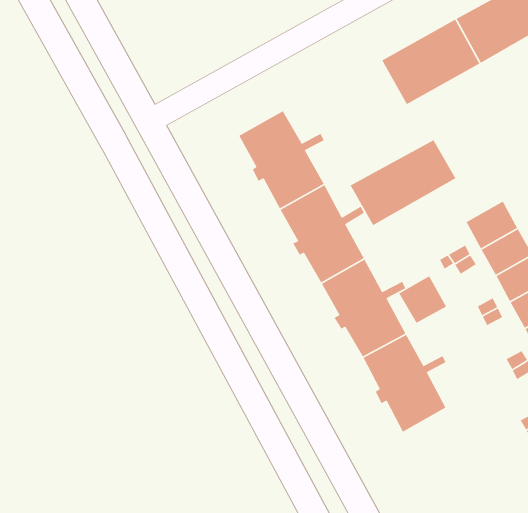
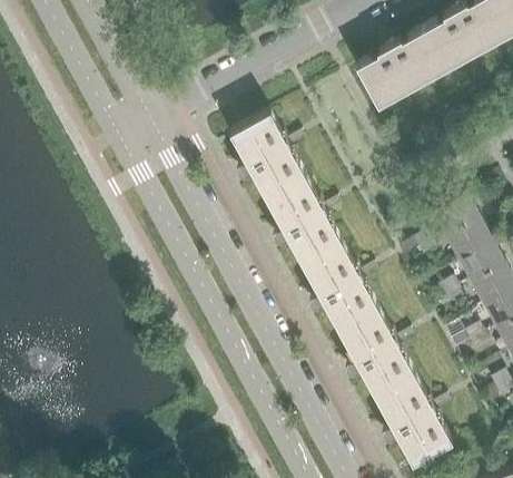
building: [350,139,457,226] -> none
building: [398,275,447,324] -> none
building: none -> [376,379,452,467]

